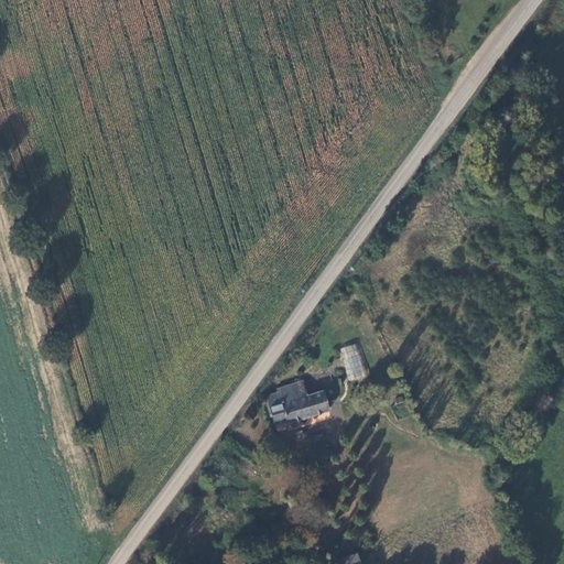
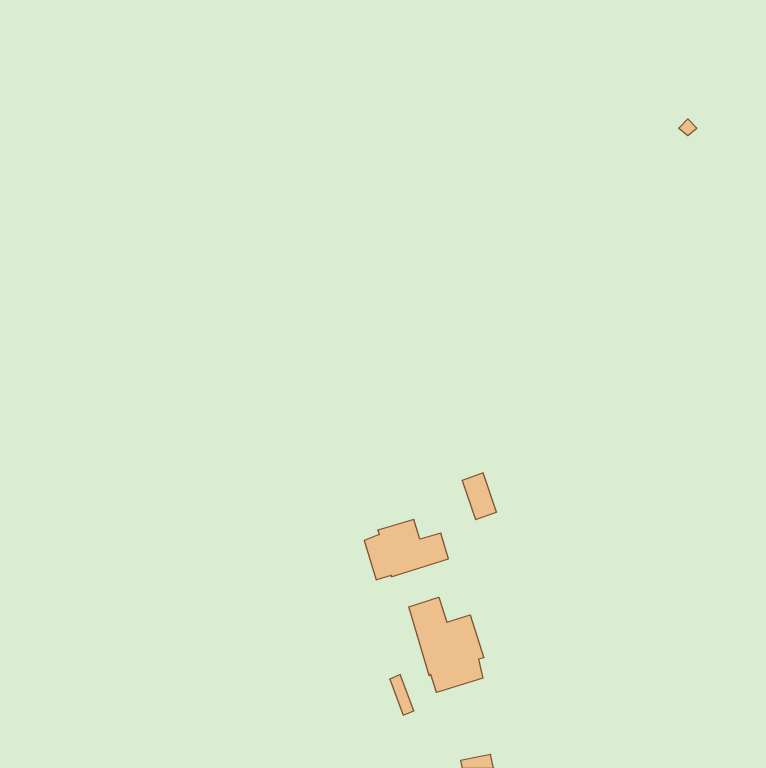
building: none -> [409,597,484,692]

